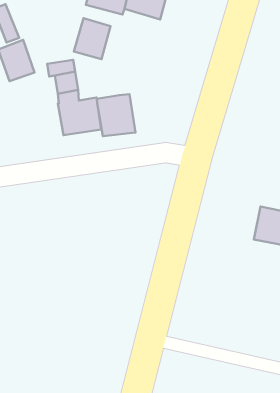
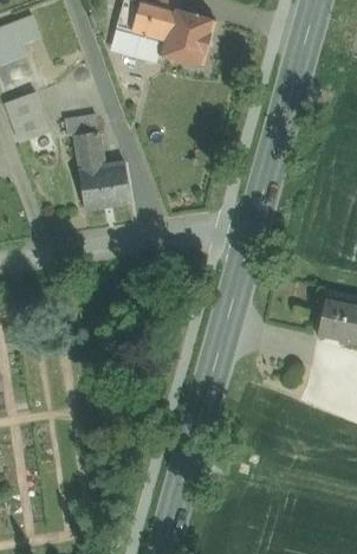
building: [74,18,110,59] -> none
building: [97,94,136,136] -> none

